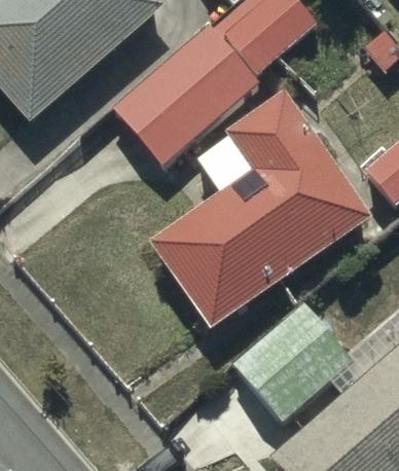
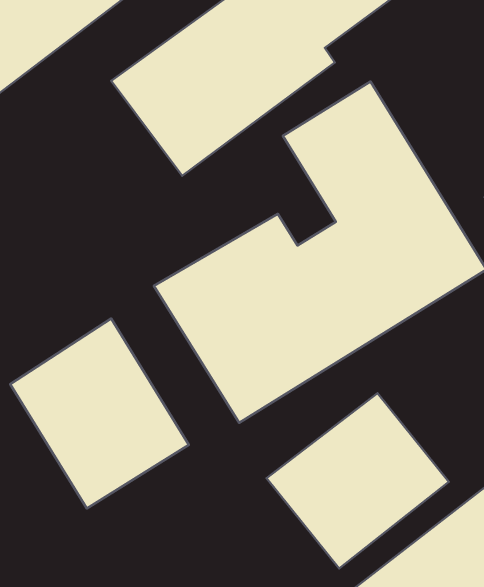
building: none -> [10,318,189,508]

